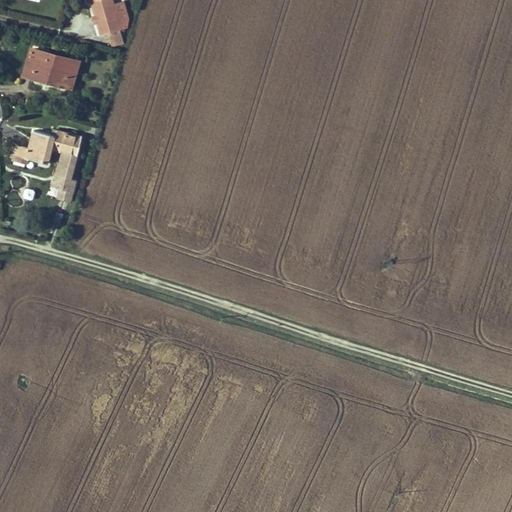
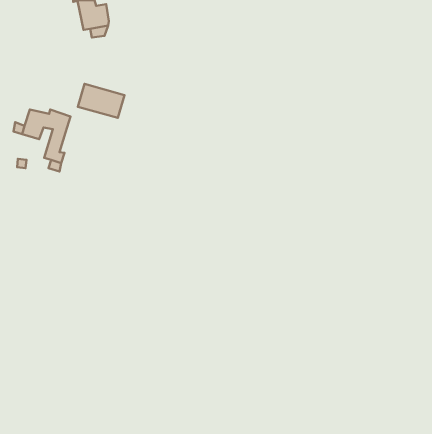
building: [24,49,79,89] -> [78,84,125,118]

